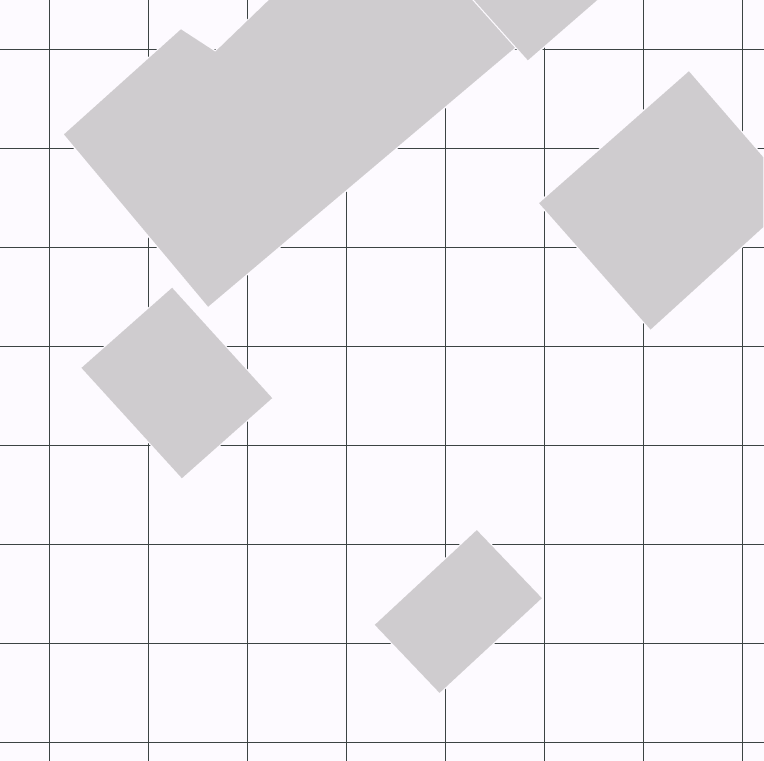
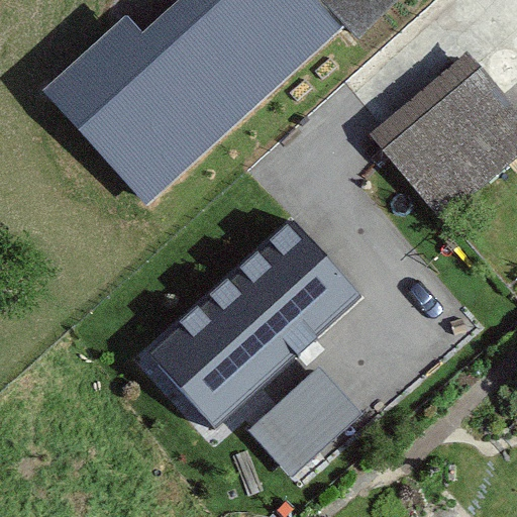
building: [81,287,273,479] -> none
building: none -> [147,220,358,424]

